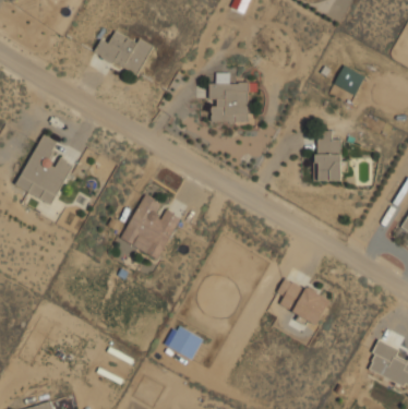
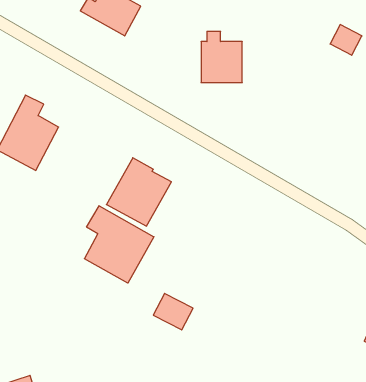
building: [314,131,348,181] -> none
building: none -> [84,206,154,283]
building: [276,279,328,324] -> none

